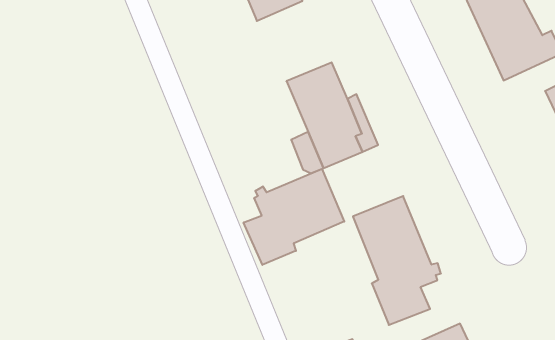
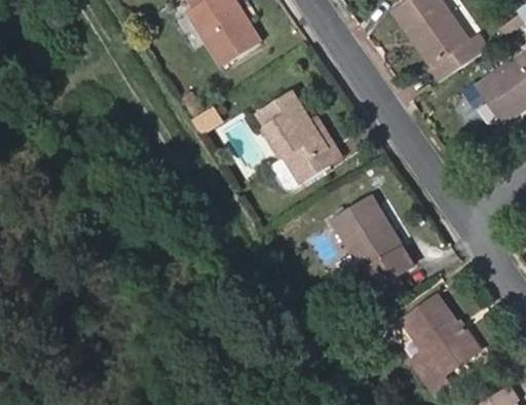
building: [244,169,344,265] -> none

